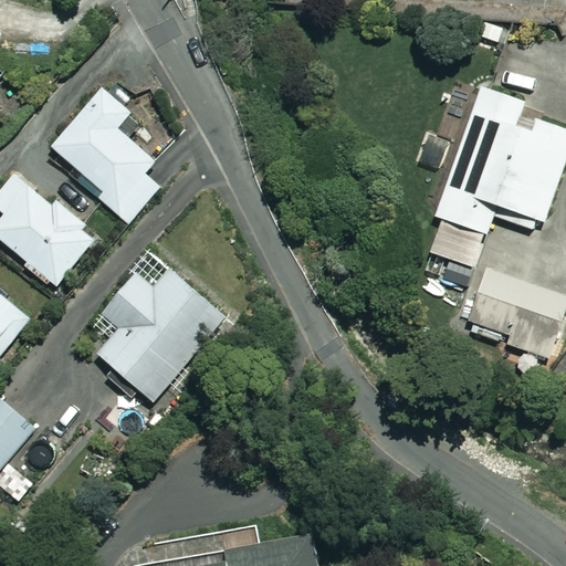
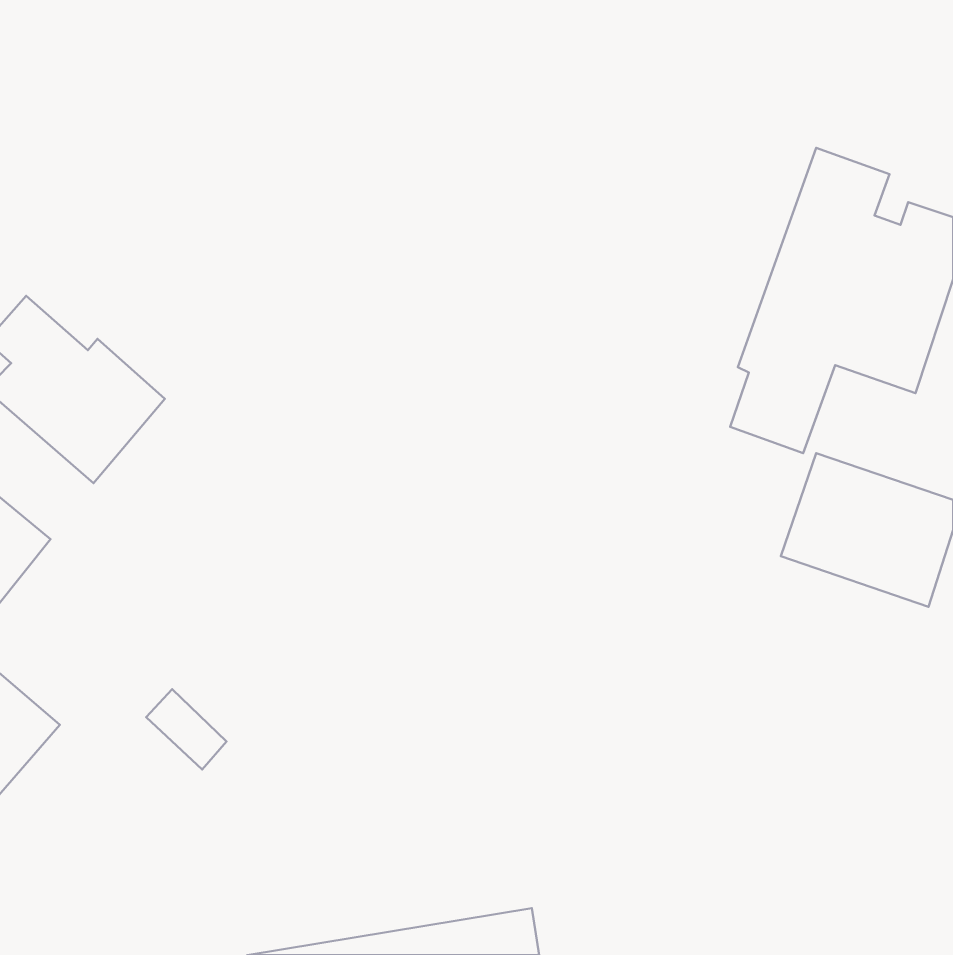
building: [52,88,159,226] -> none
building: [97,253,227,401] -> none

